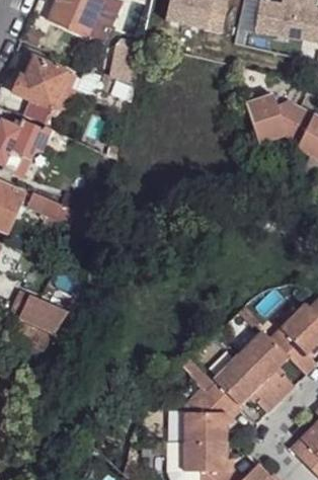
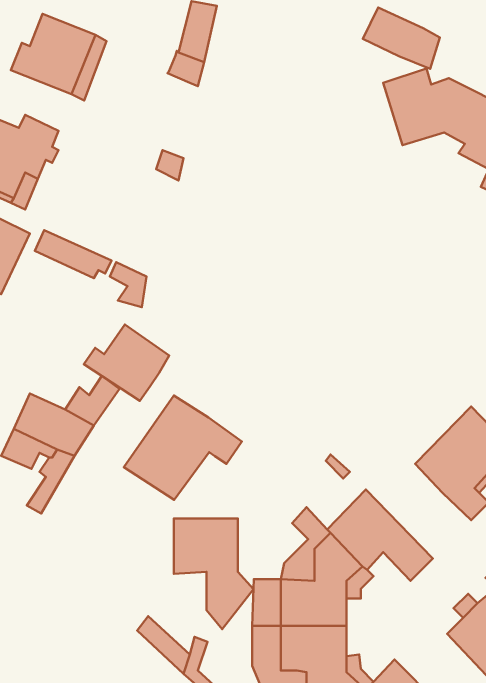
building: none -> [363,7,440,69]
building: none -> [84,325,169,401]
building: none -> [124,396,242,500]
building: [238,333,294,400] -> none
building: none -> [174,518,253,629]

